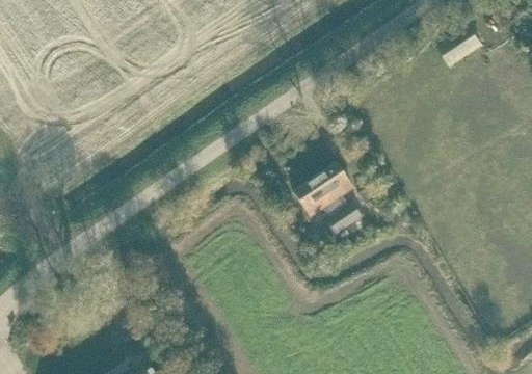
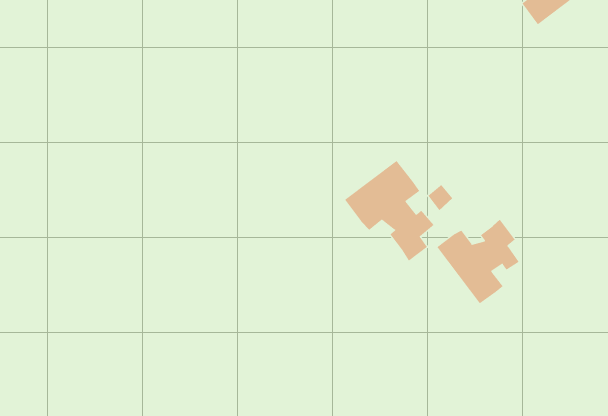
building: none -> [437,219,520,304]

